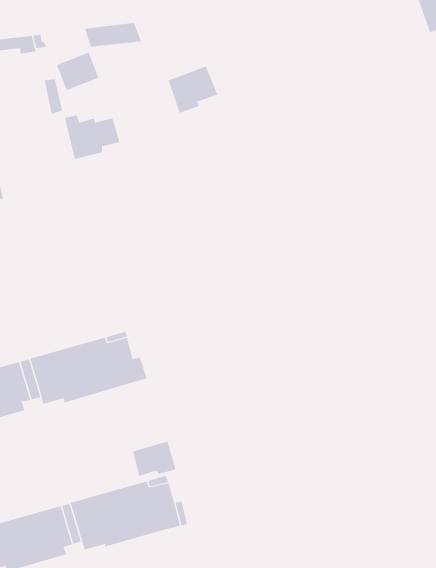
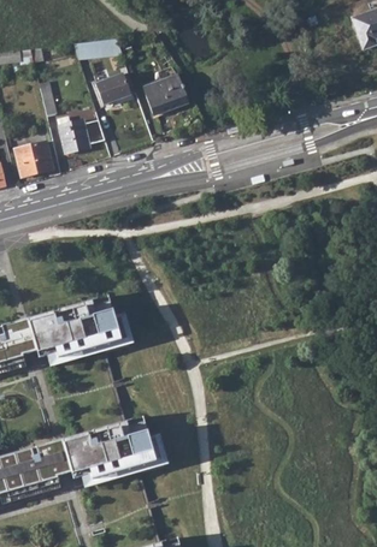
building: [56,52,99,91] -> [95,73,131,106]
building: none -> [14,142,53,177]
building: [132,441,176,477] -> none

